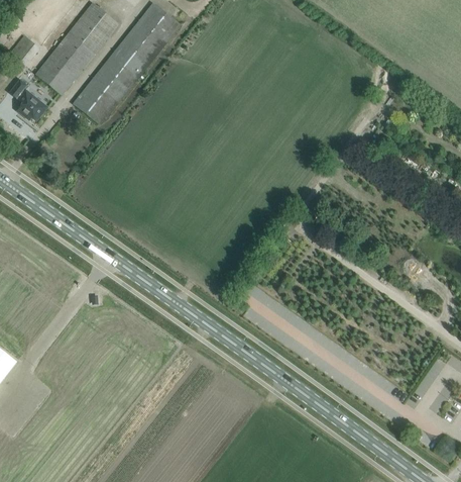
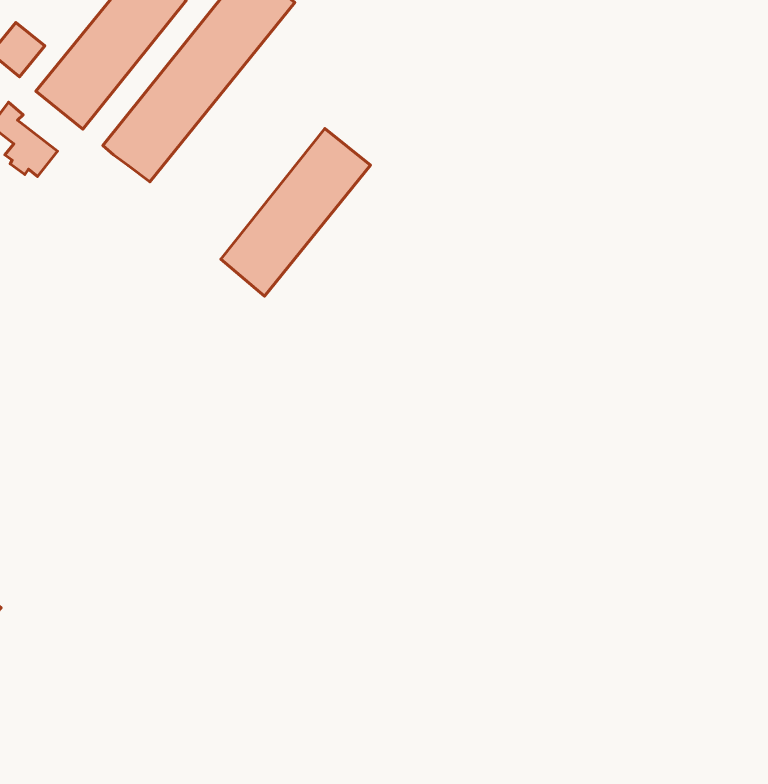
building: none -> [221,129,370,296]

